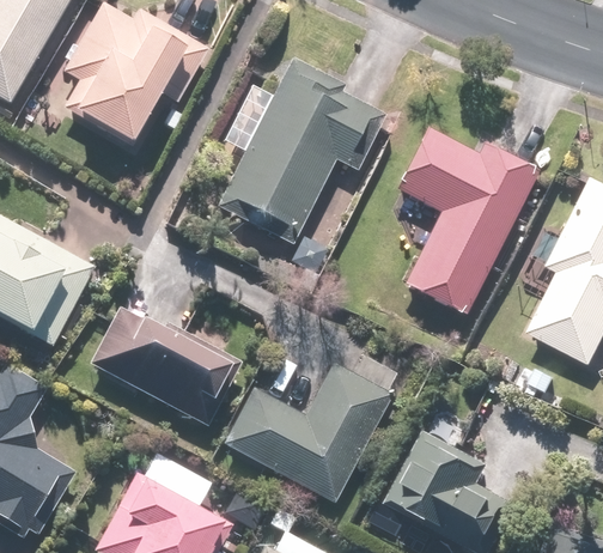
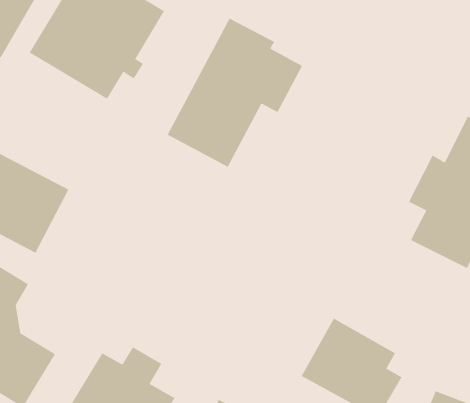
building: [392,124,540,320] -> none
building: [90,309,239,426] -> none
building: [221,360,390,502] -> none

